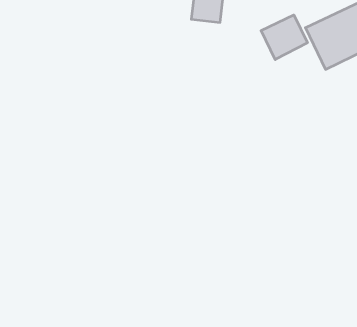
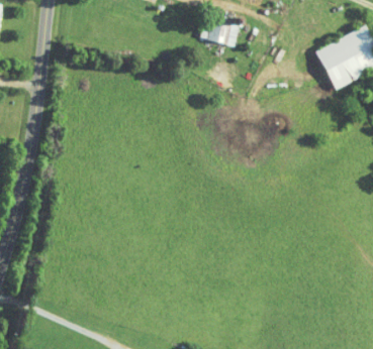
building: [261,15,307,60] -> none

